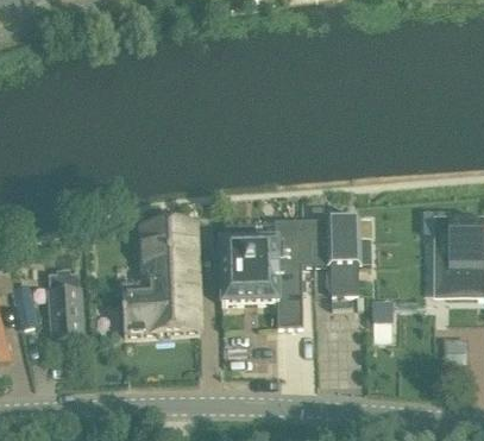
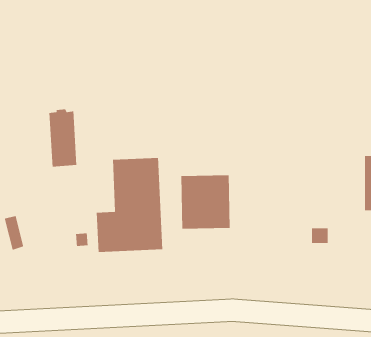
building: [275,219,358,325] -> none
building: [48,267,81,336] -> [49,108,77,168]

